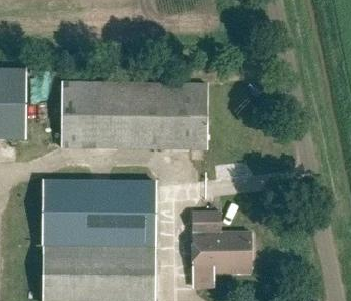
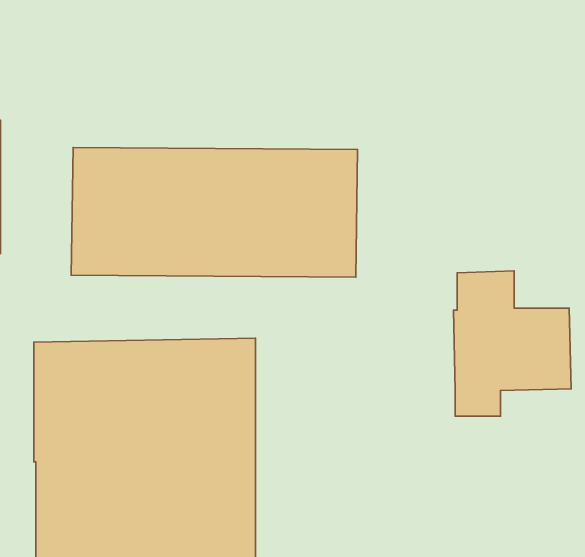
building: [191,212,252,287] -> [453,271,571,416]

